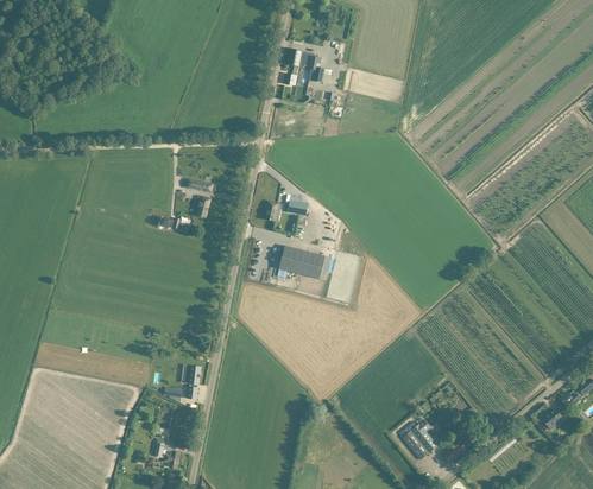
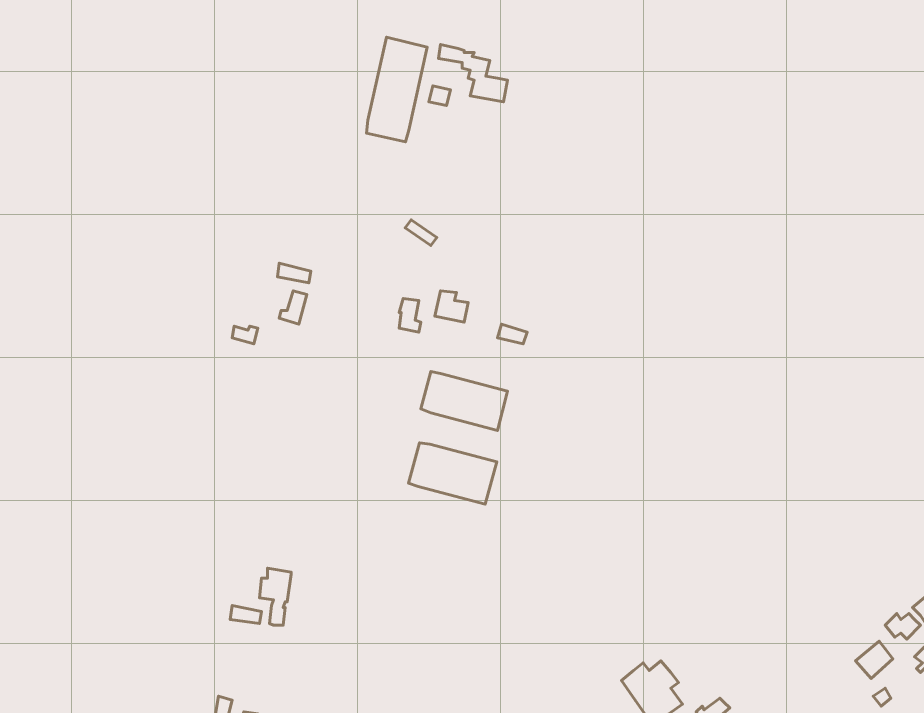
building: none -> [366,37,427,142]
building: none -> [409,443,497,504]

